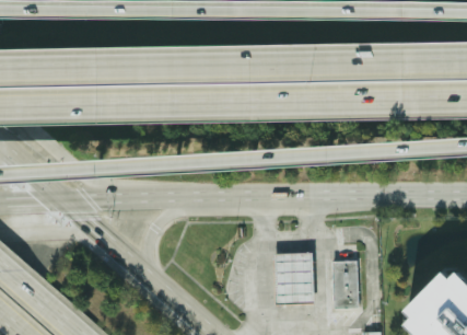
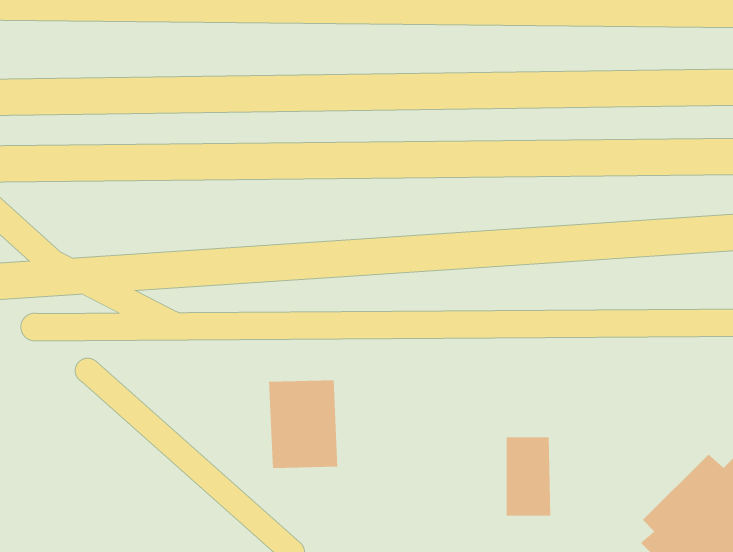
building: [273,251,314,302] -> [268,380,338,469]

